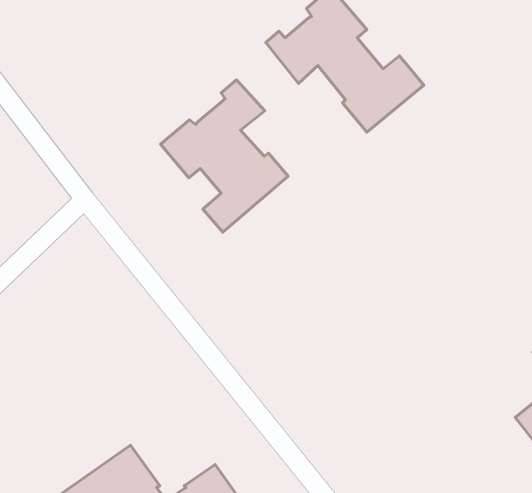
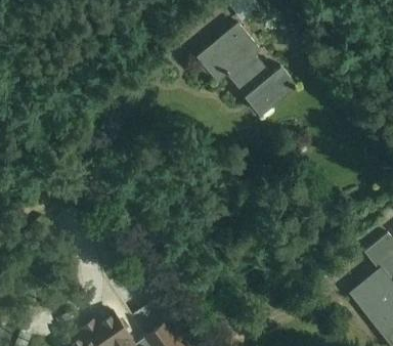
building: [160,80,288,232] -> none

